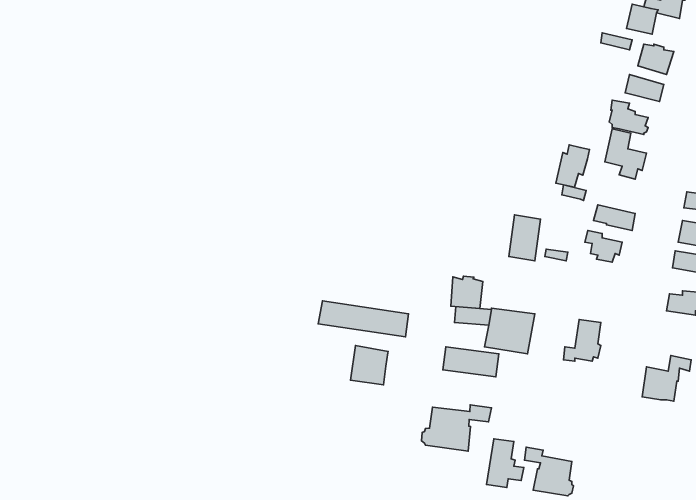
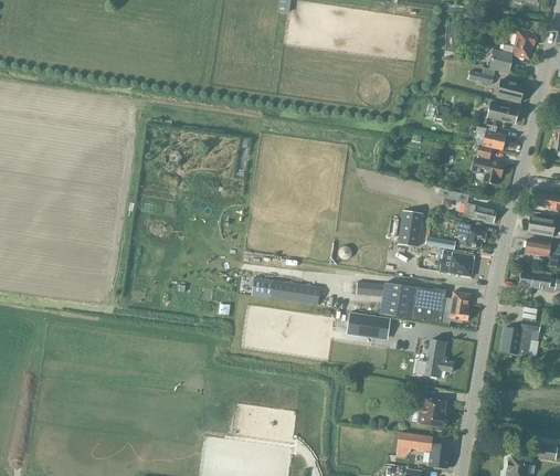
building: [556,145,590,187] -> none
building: none -> [448,252,474,277]
building: [451,276,483,309] -> none
building: none -> [412,287,445,322]
building: [351,345,388,385] -> none
building: [422,405,491,451] -> none
building: [487,439,524,488] -> [424,340,453,378]

